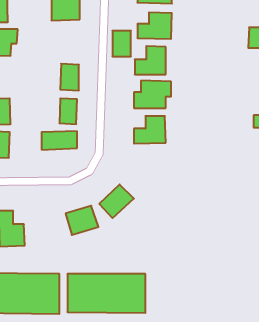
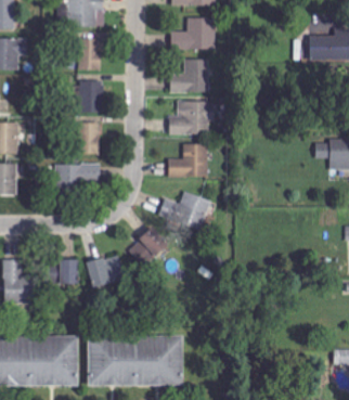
building: [112,31,131,56] -> [77,39,100,70]
building: none -> [158,193,214,230]
building: none -> [59,260,76,285]

